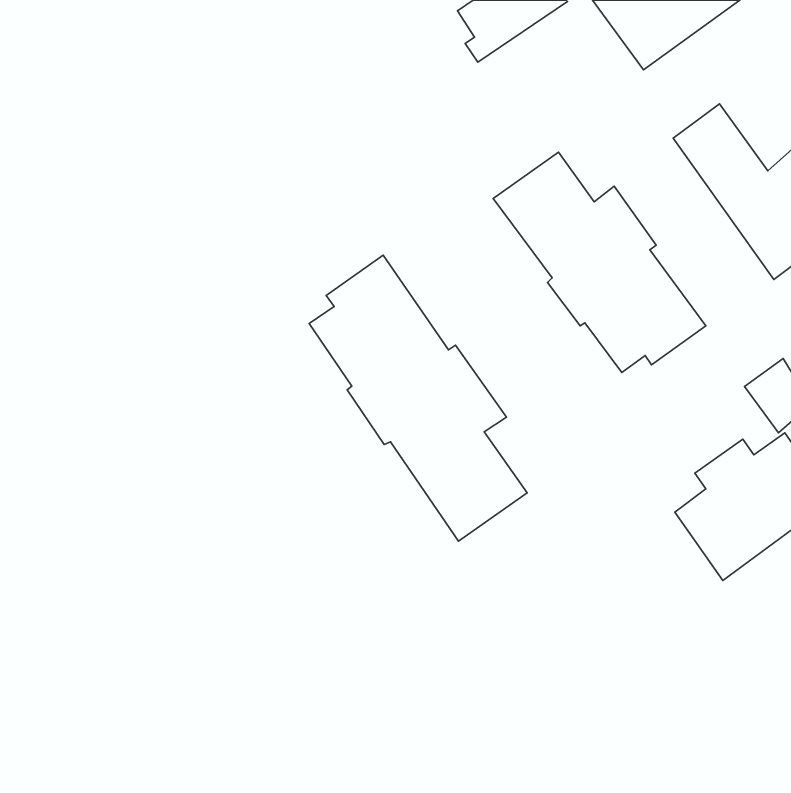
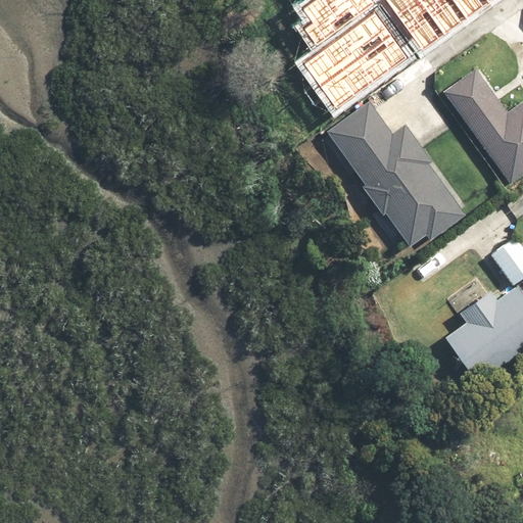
building: none -> [303,12,407,106]
building: [309,255,527,541] -> none

